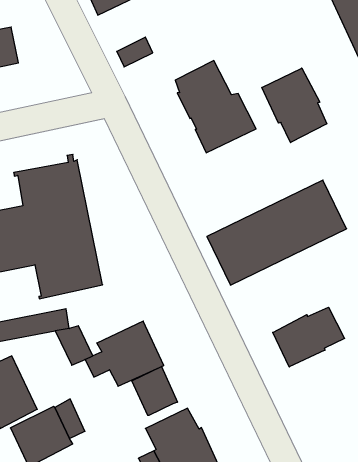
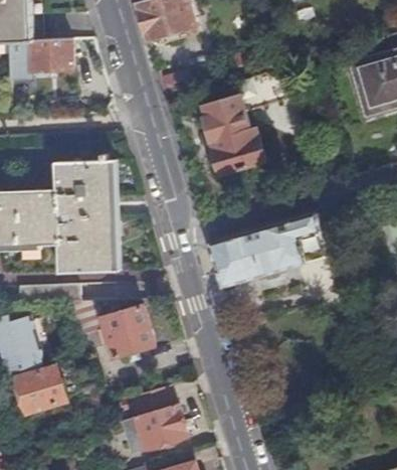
building: [262,68,327,143] -> none
building: [273,307,345,367] -> none
building: [132,366,177,415] -> none

